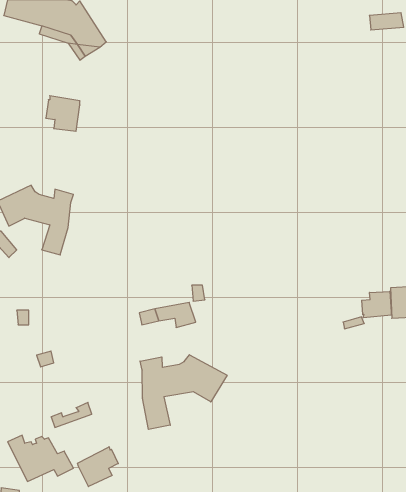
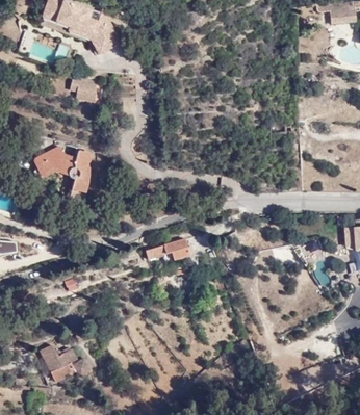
building: [362,291,391,318] -> none
building: [140,355,227,429] -> none
building: [77,447,118,487] -> none

